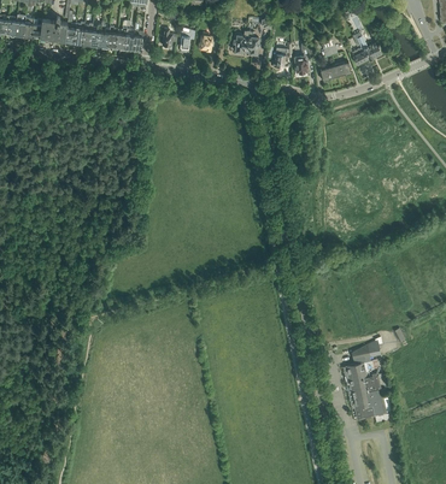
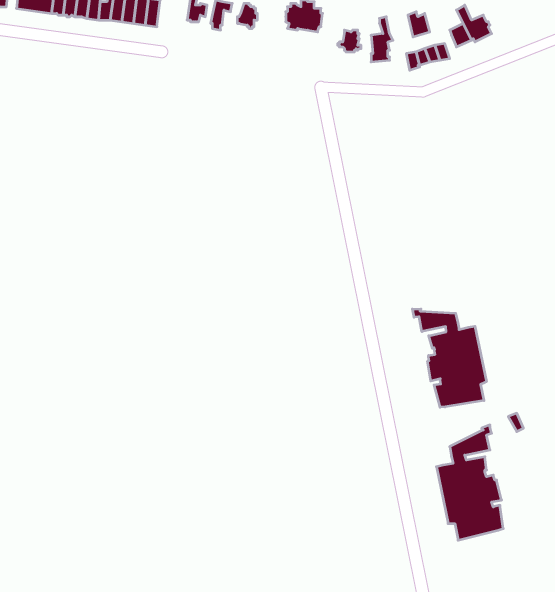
building: none -> [412,309,486,407]

